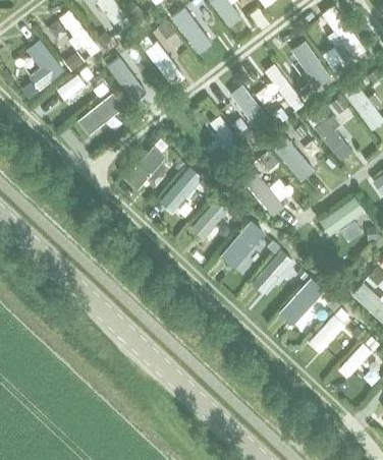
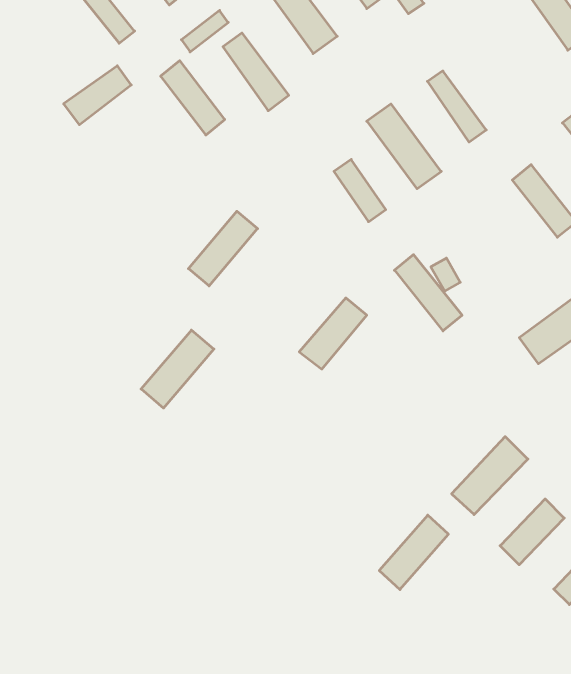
building: [25,38,64,90] -> none
building: [291,41,332,89] -> none
building: [77,94,123,134] -> none
building: [274,138,314,181] -> none
building: [159,167,202,213] -> [141,330,214,408]
building: [220,221,265,269] -> none
building: [253,251,293,295] -> [379,515,448,590]

